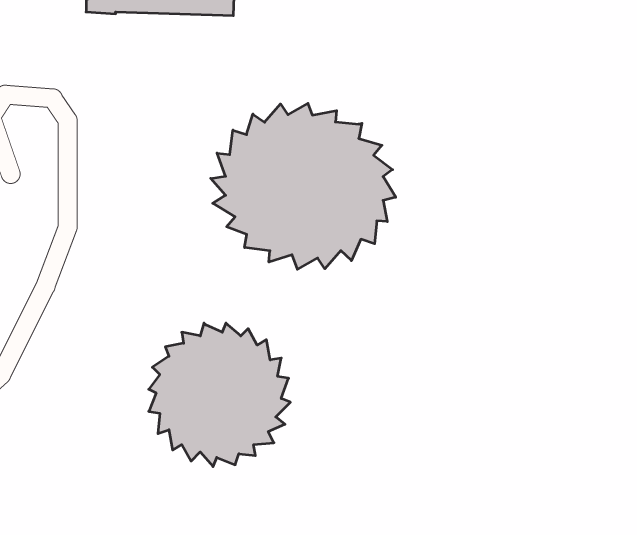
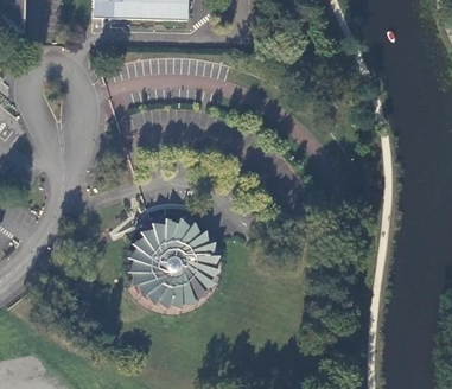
building: [211,103,396,269] -> none

